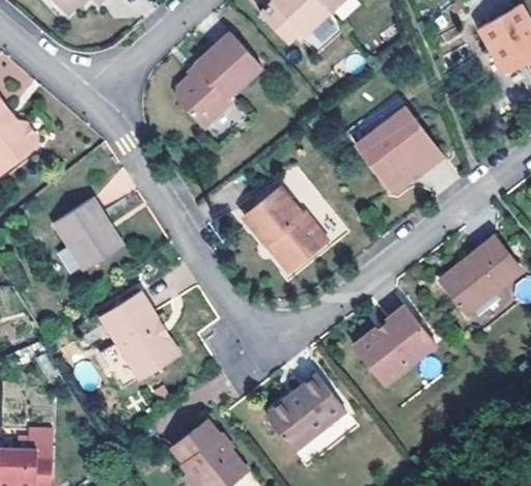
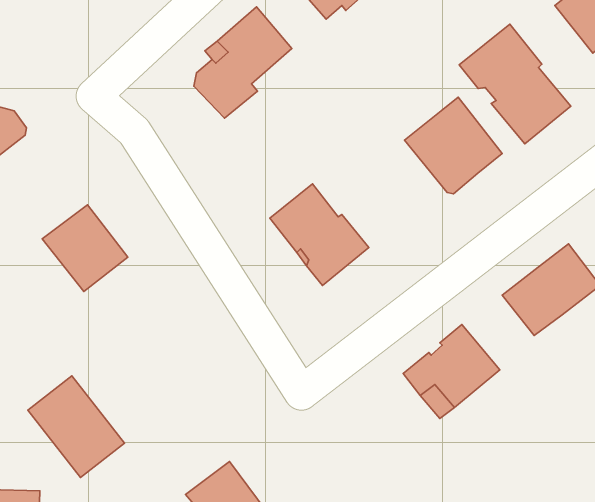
building: none -> [459,24,571,144]
building: [106,291,188,377] -> [28,376,124,477]
building: [270,373,346,445] -> none

